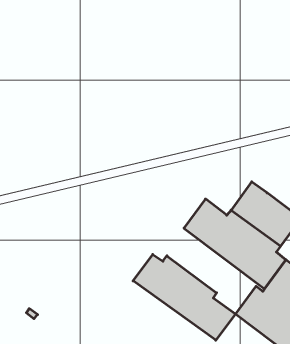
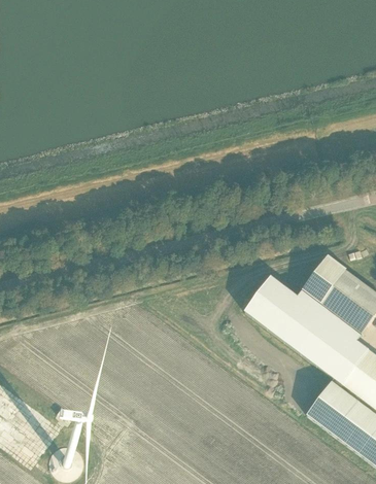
building: [133,254,235,340] -> none

